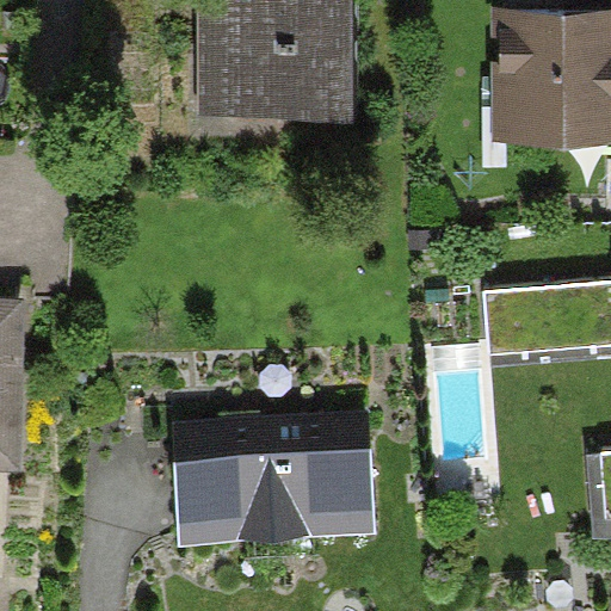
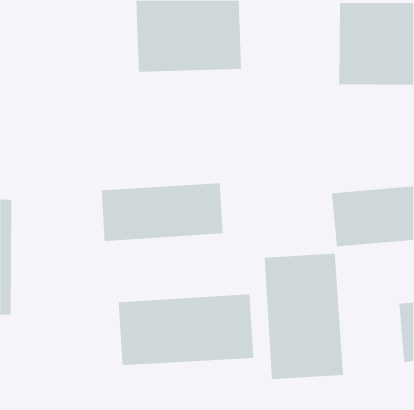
building: none -> [101,183,223,242]
building: none -> [264,253,343,380]

